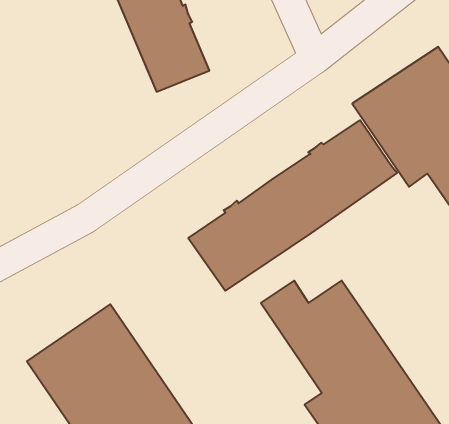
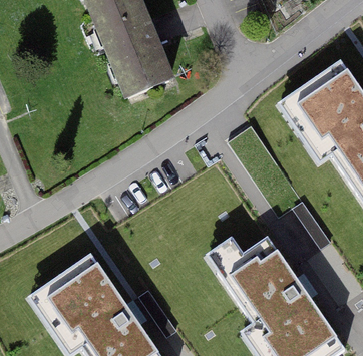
building: [188,120,397,291] -> none

